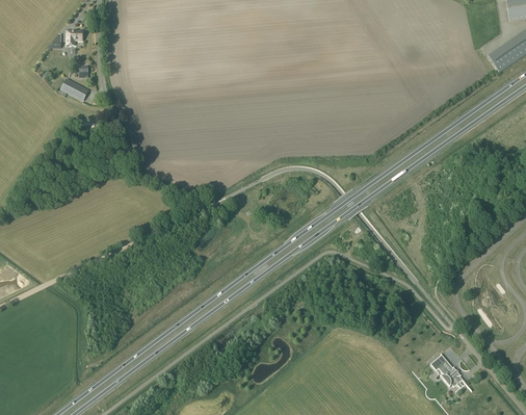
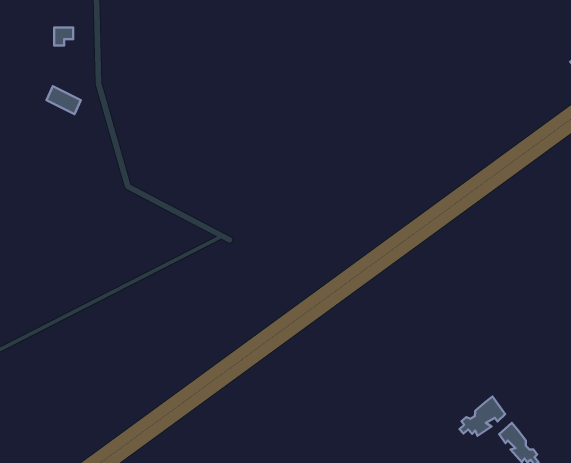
building: none -> [459,397,505,436]

